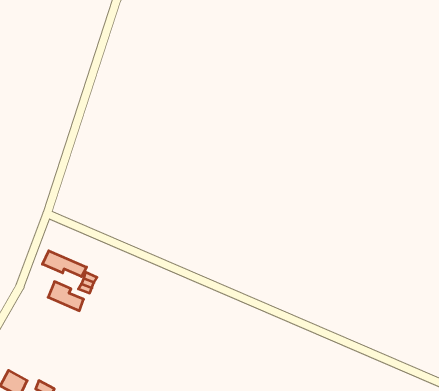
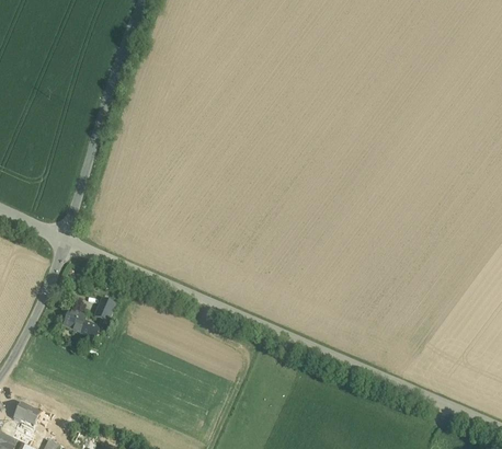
building: [42,251,87,277] -> none

